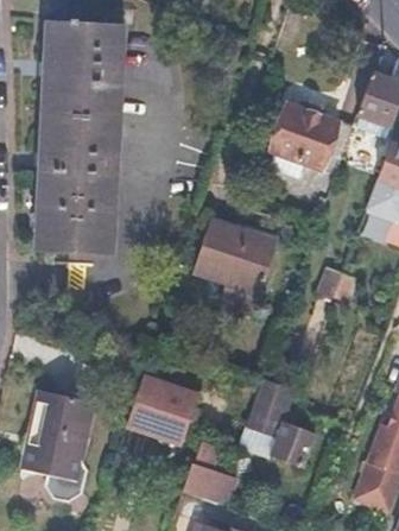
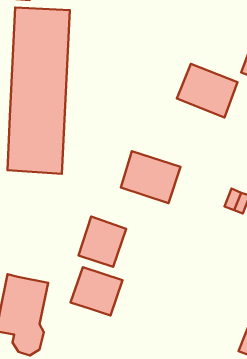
building: none -> [78,217,126,267]
building: [246,380,316,467] -> none
building: [182,444,223,500] -> none

